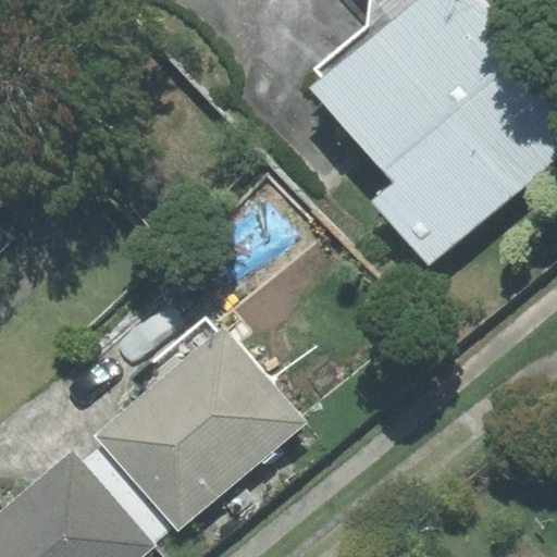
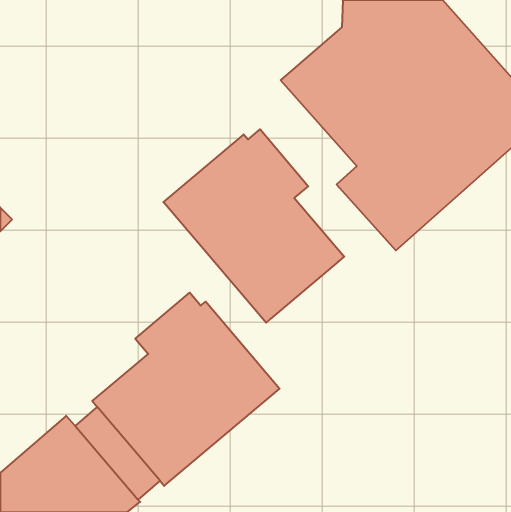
building: none -> [163,129,344,323]

